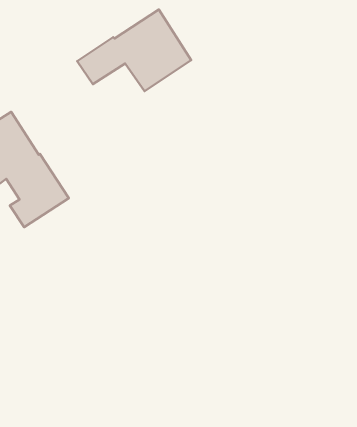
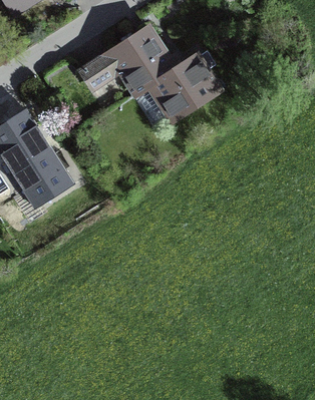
building: none -> [135,54,220,121]

